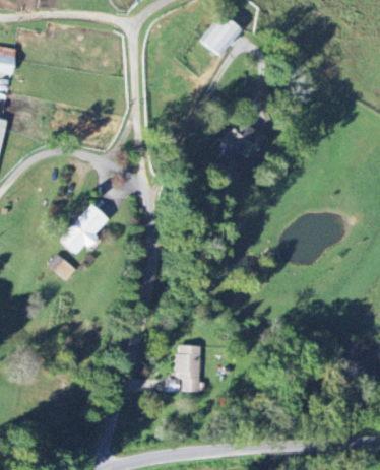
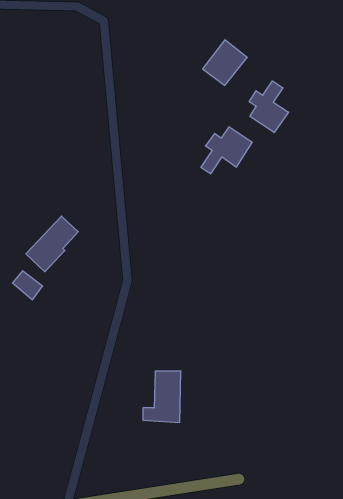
building: [200,13,241,55] -> [203,40,247,85]
building: none -> [249,81,289,133]

